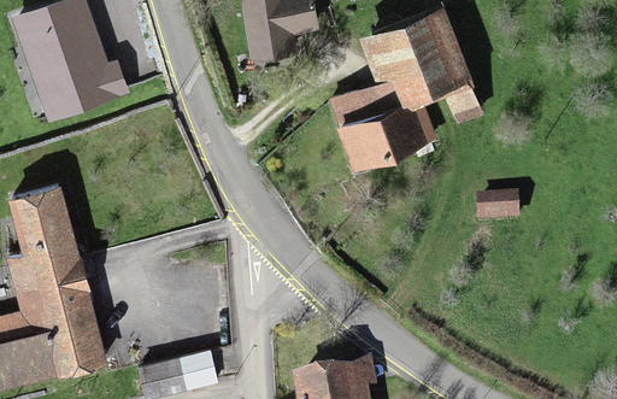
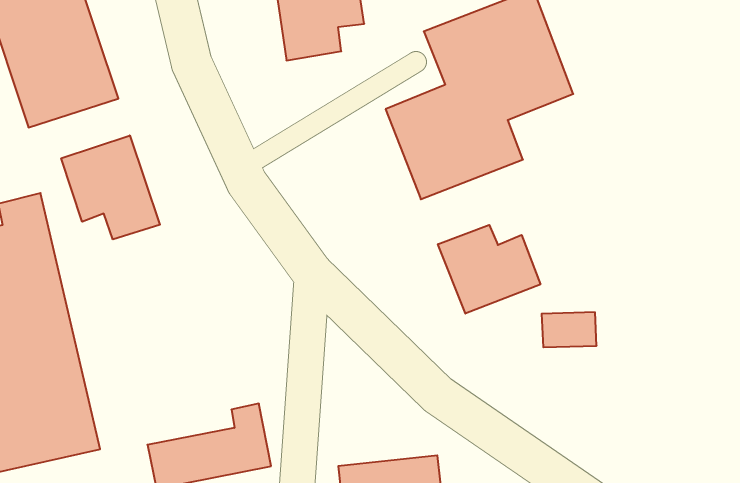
building: none -> [61,135,160,239]
building: none -> [438,225,540,314]
building: [476,196,519,224] -> [542,312,597,347]

